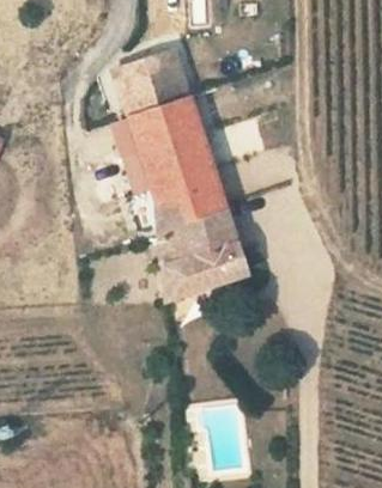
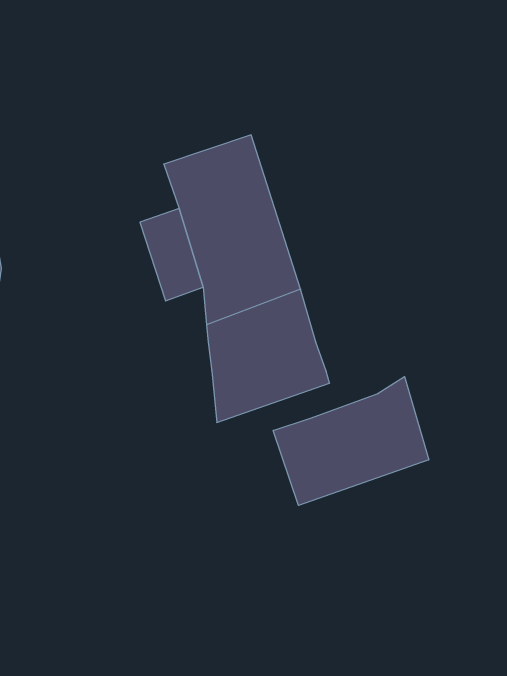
building: [116,49,192,117] -> none
building: none -> [273,377,429,505]

